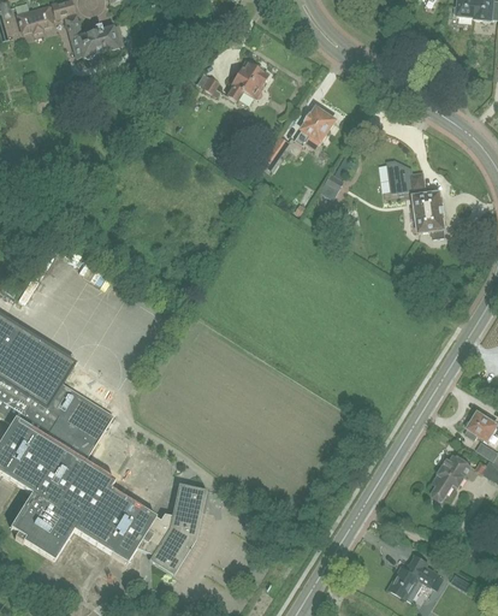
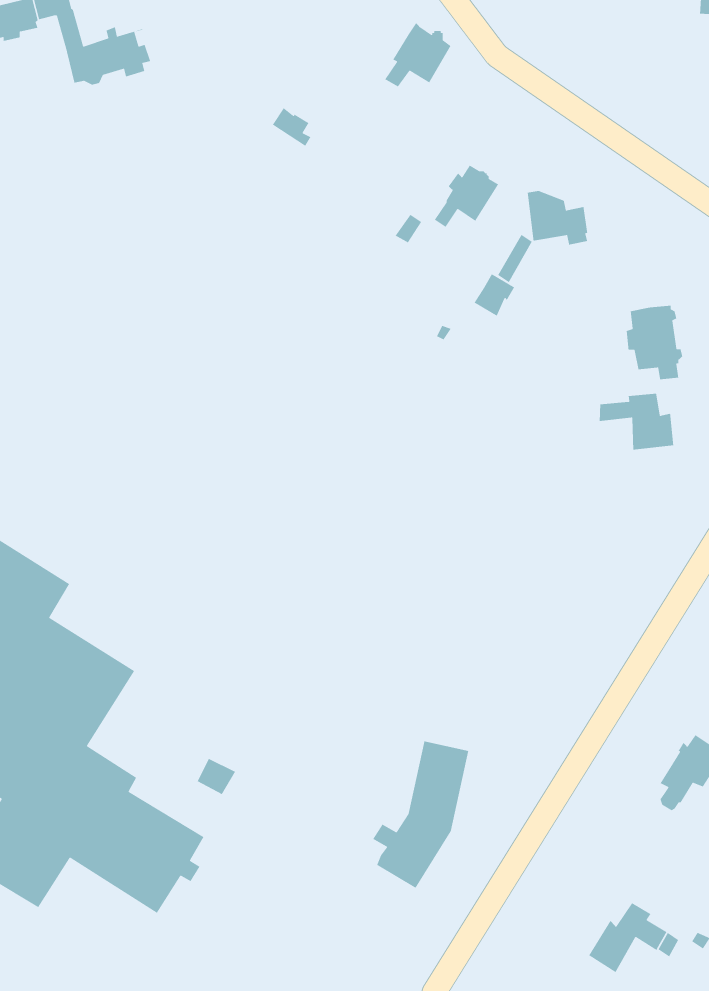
building: [226,59,267,99] -> [384,22,451,87]
building: [389,161,426,195] -> [527,190,588,246]
building: none -> [599,393,674,451]
building: [147,482,206,573] -> [372,740,469,889]

